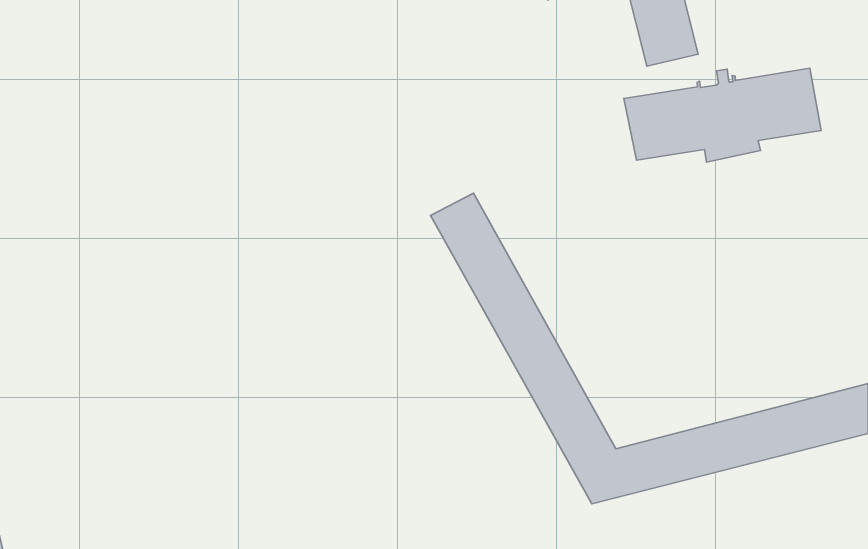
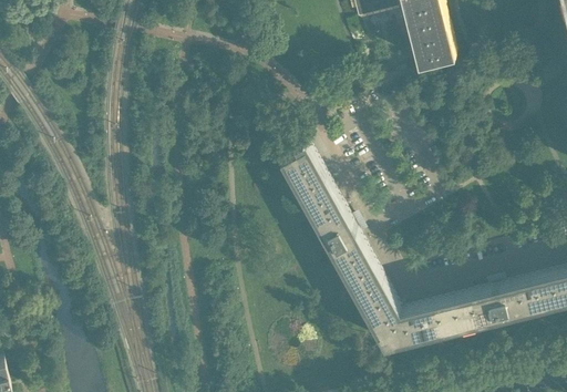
building: [624,68,821,162] -> none

